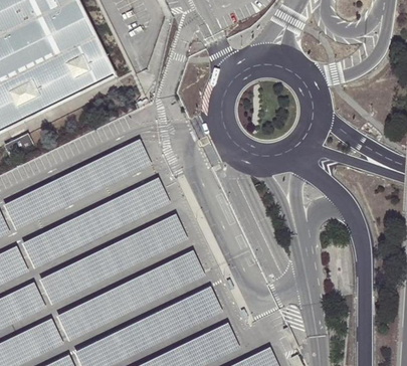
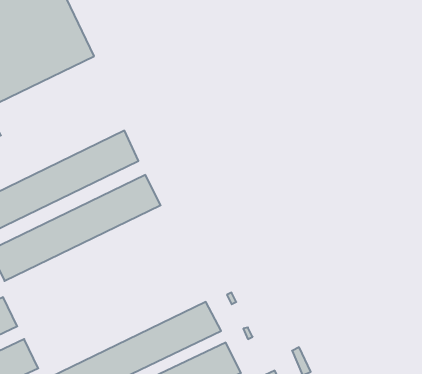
building: [39,213,186,305] -> none
building: [56,248,203,340] -> none

